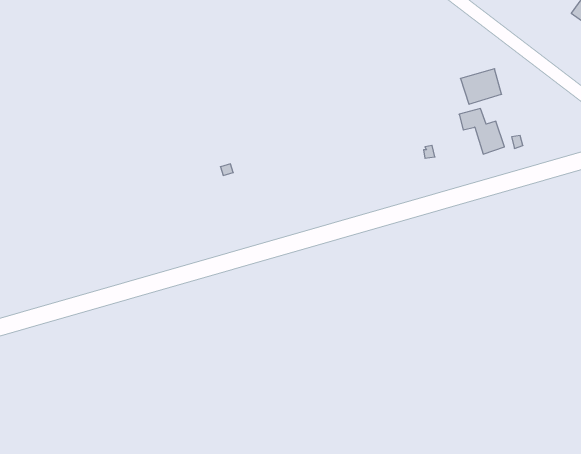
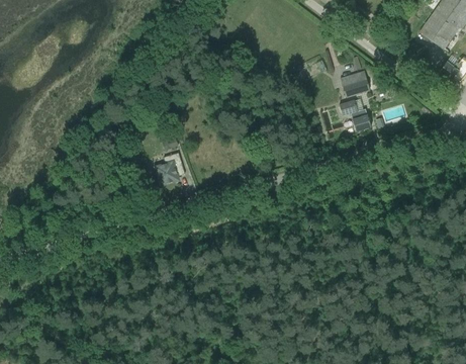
building: none -> [155,152,185,185]

